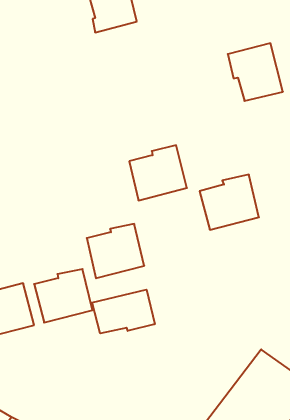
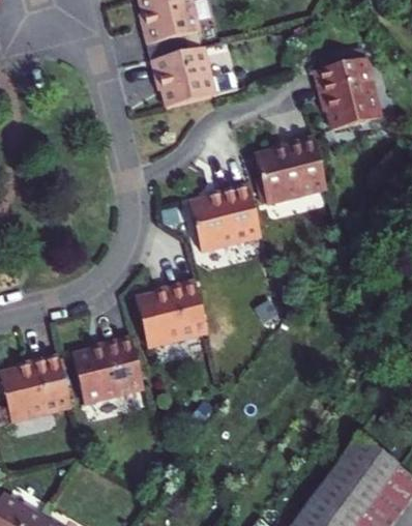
building: none -> [153,45,239,106]
building: [200,175,259,230] -> [255,134,328,202]
building: [92,290,155,333] -> none

